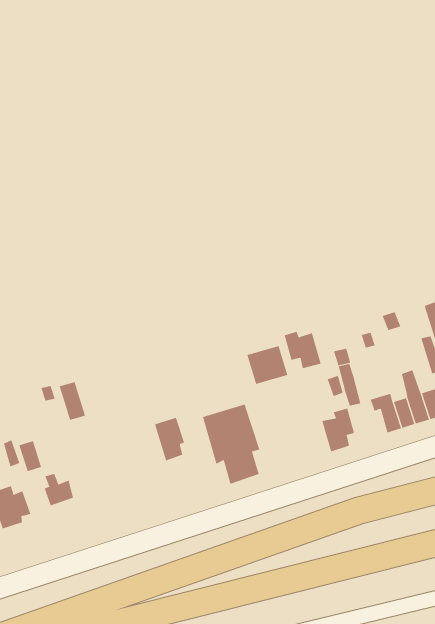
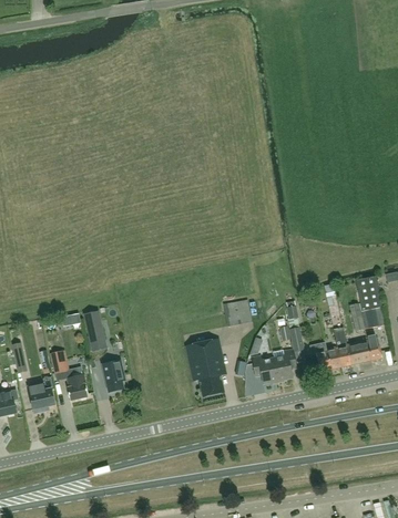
building: [284,331,322,369] -> [252,354,277,382]
building: [154,417,185,461] -> [103,360,124,391]

